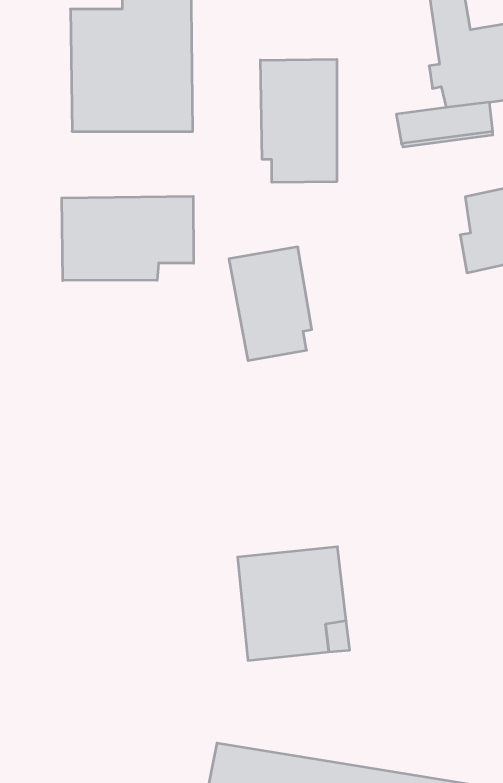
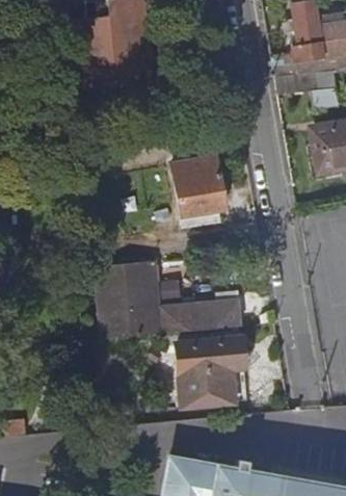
building: [260,59,337,182] -> none
building: [62,196,194,281] -> none
building: none -> [95,256,239,335]

